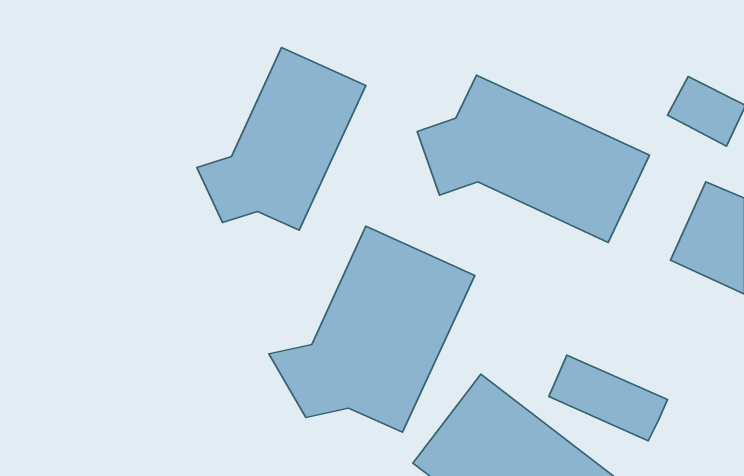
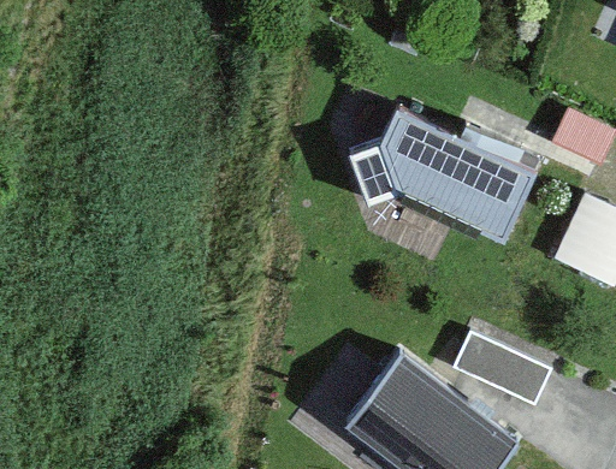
building: [197,47,366,230] -> none
building: [269,226,475,432] -> none

